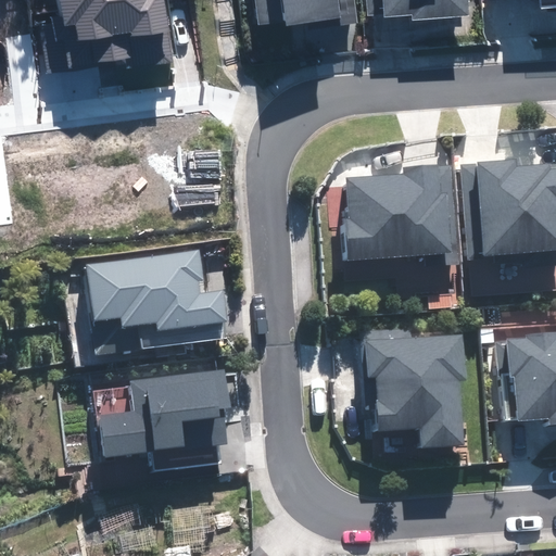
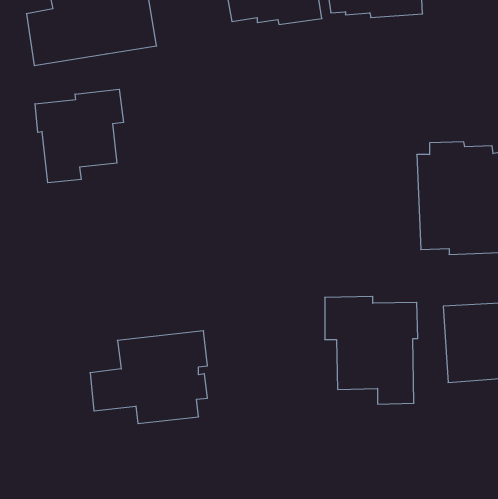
building: none -> [35,89,123,183]
building: [326,161,454,264] -> none
building: [86,249,230,354] -> none

